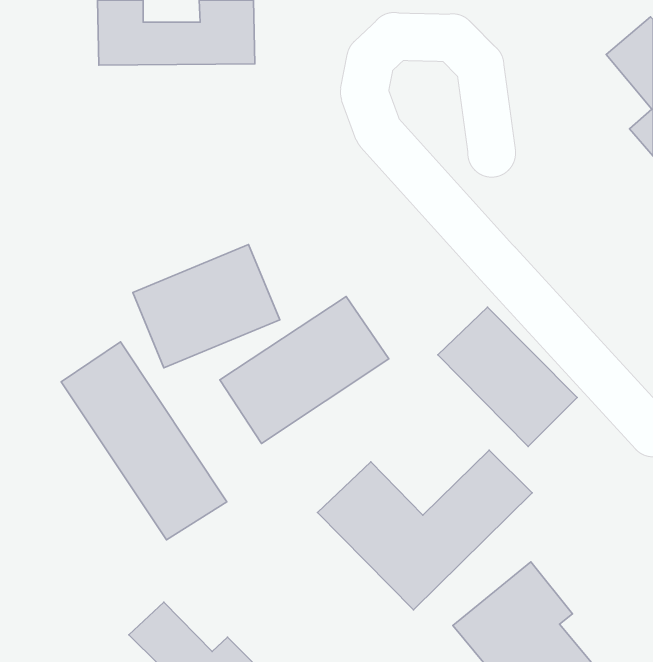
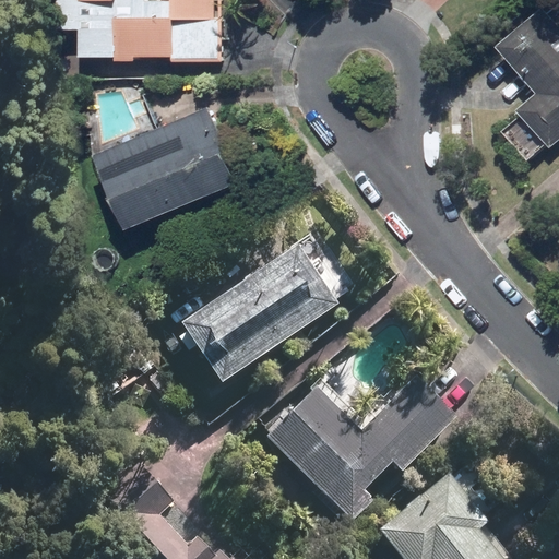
building: [133,244,280,368] -> [110,119,234,223]
building: [438,307,577,446] -> none
building: [61,342,227,540] -> none

